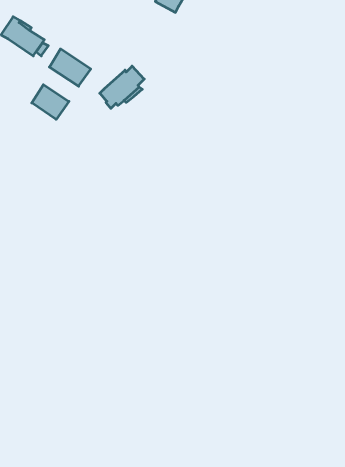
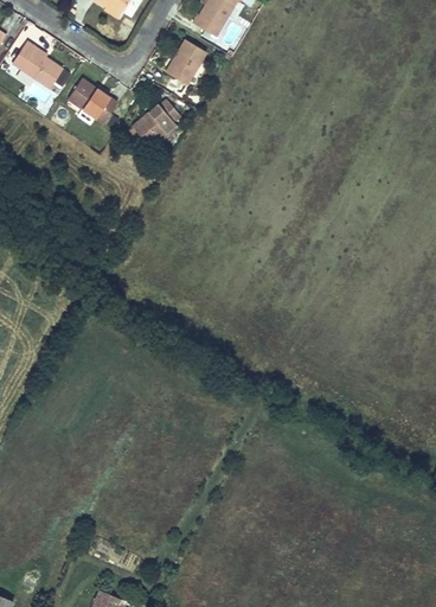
building: none -> [166,39,206,84]
building: [32,85,69,119] -> none

